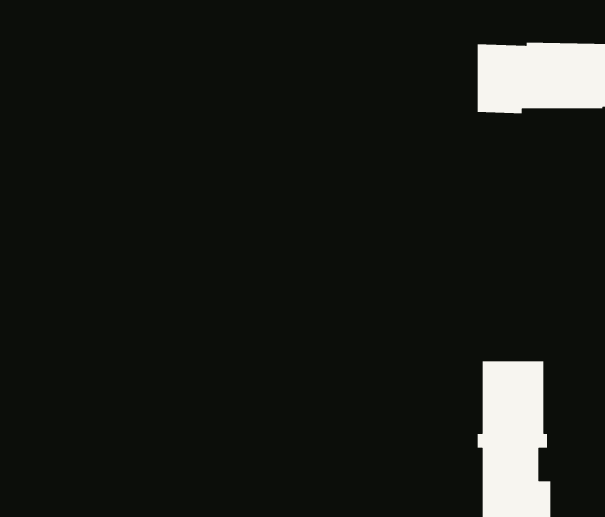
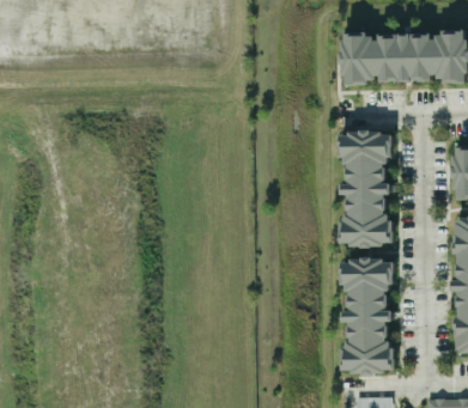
building: none -> [340,129,393,246]

